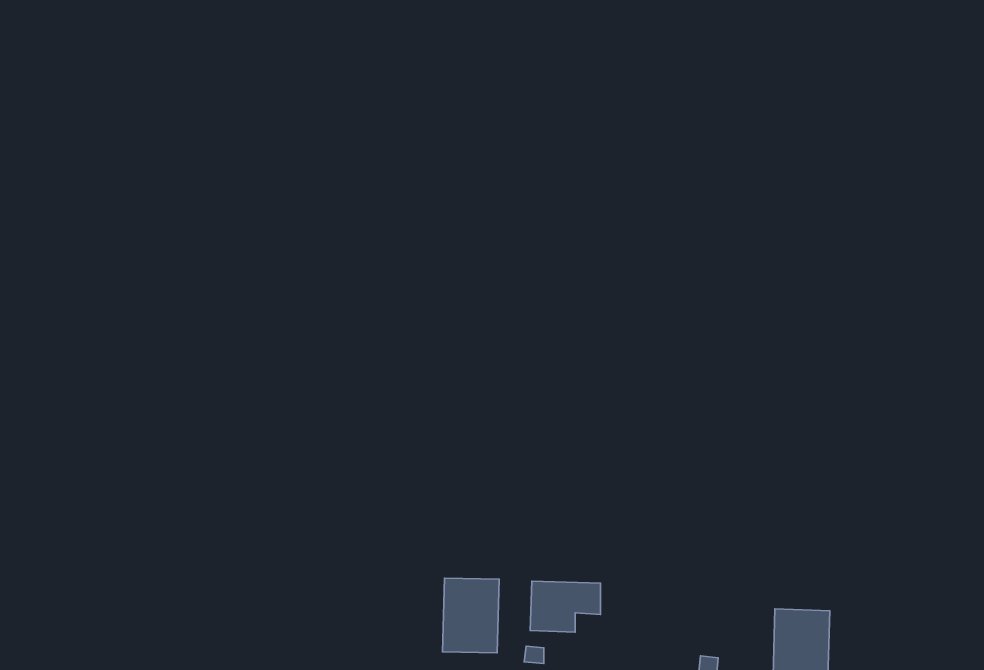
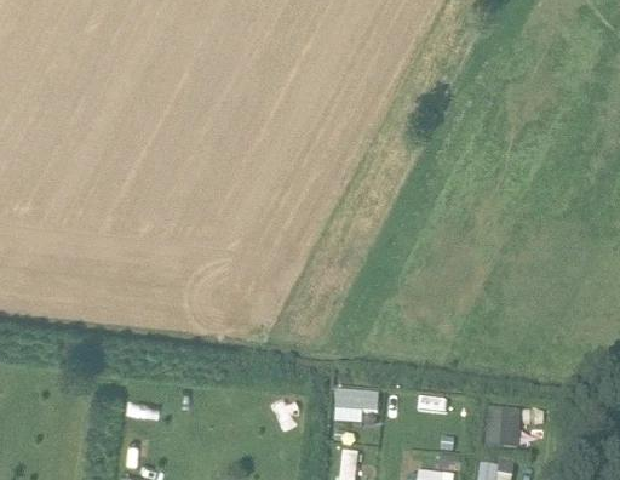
building: [442,578,499,653] -> none

